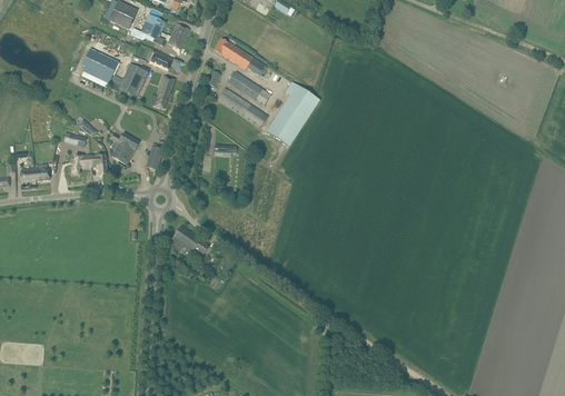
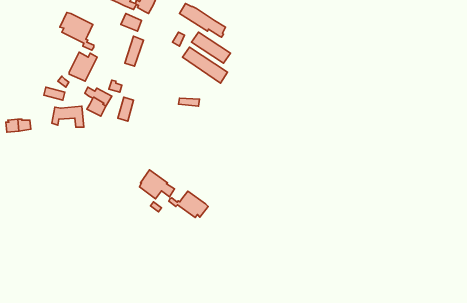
building: [119,62,150,95] -> [69,52,97,81]
building: [266,80,320,146] -> none
building: none -> [169,191,208,218]

